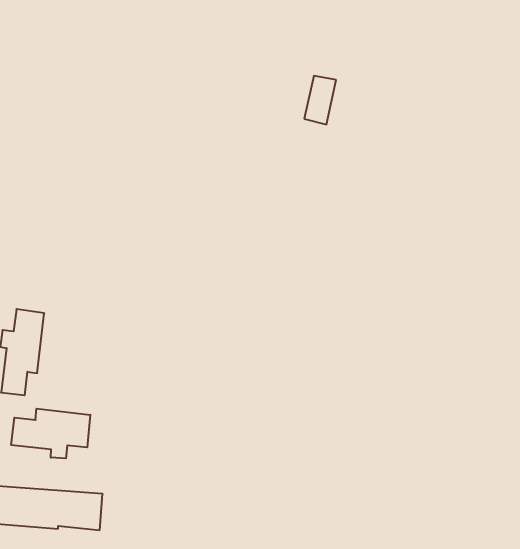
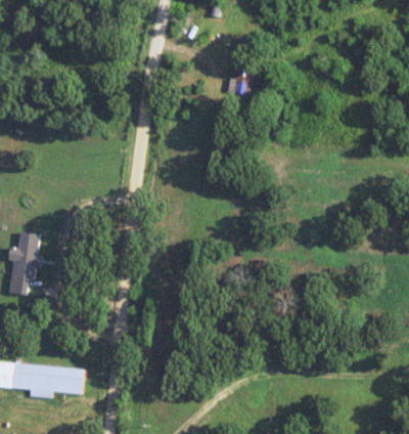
building: [11,409,90,458] -> none

